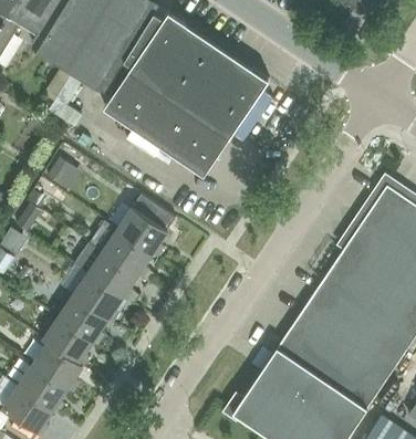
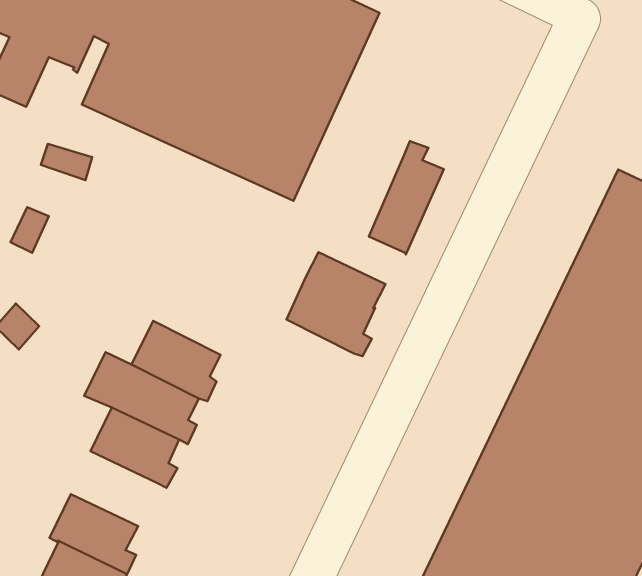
building: none -> [369,141,444,255]
building: [117,195,175,255] -> [286,252,386,356]
building: [58,295,106,344] -> none

